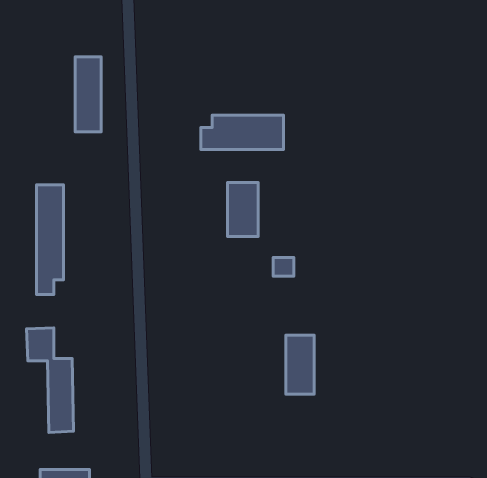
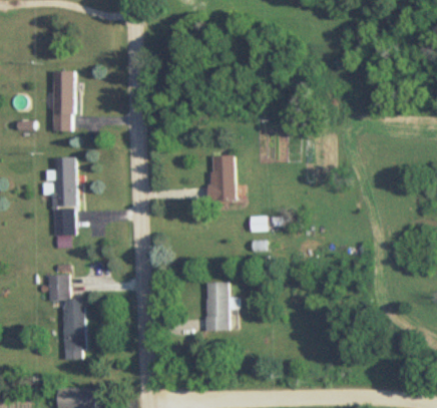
building: [75,57,101,132] -> [54,70,75,131]
building: [201,115,283,149] -> none
building: [286,335,314,394] -> [204,283,228,331]

